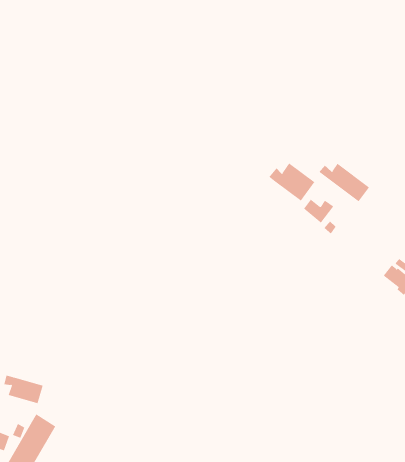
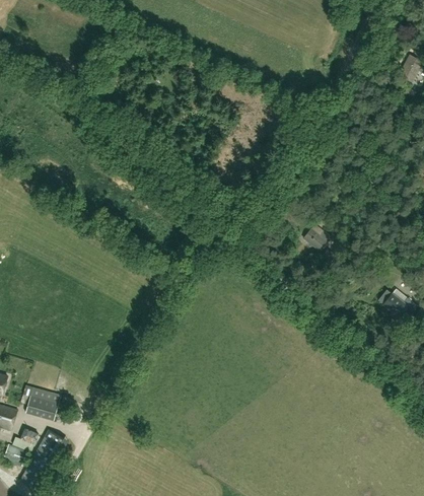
building: [268,163,315,202] -> none
building: [318,163,370,202] -> none

